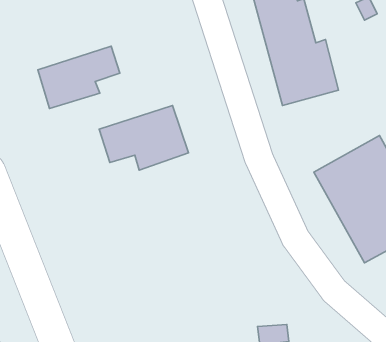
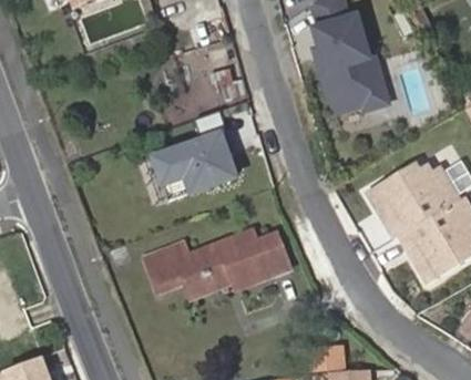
building: [38,46,120,109] -> none
building: none -> [142,230,291,298]

